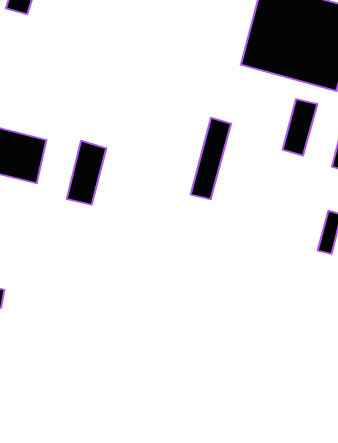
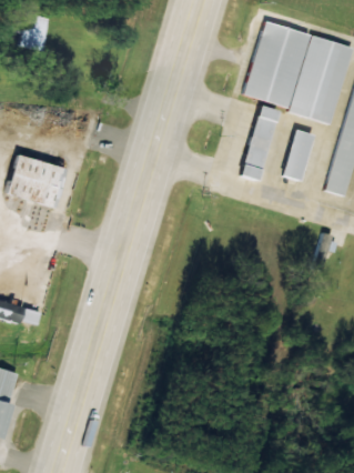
building: [191,118,231,199] -> [241,104,279,180]
building: [67,141,106,205] -> none

